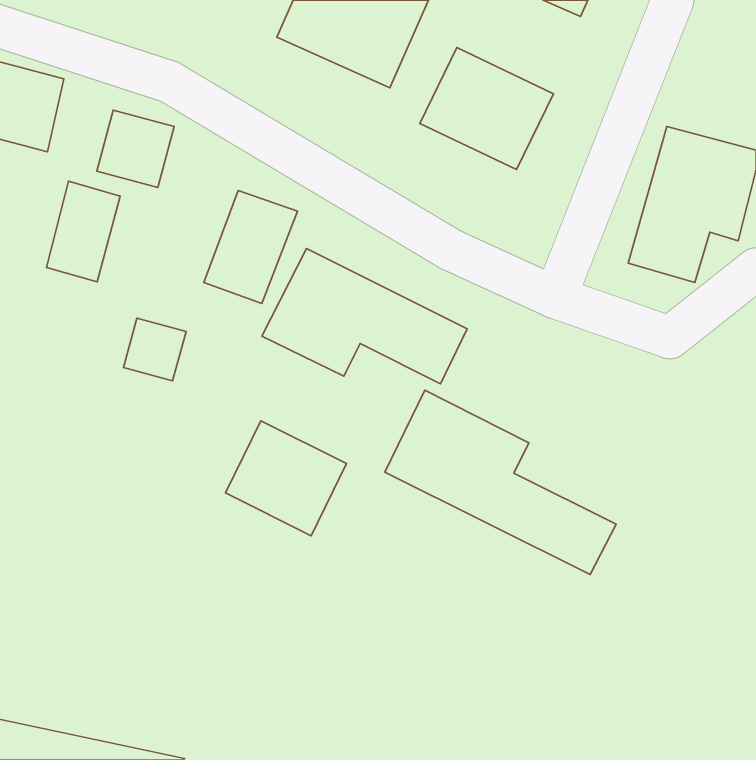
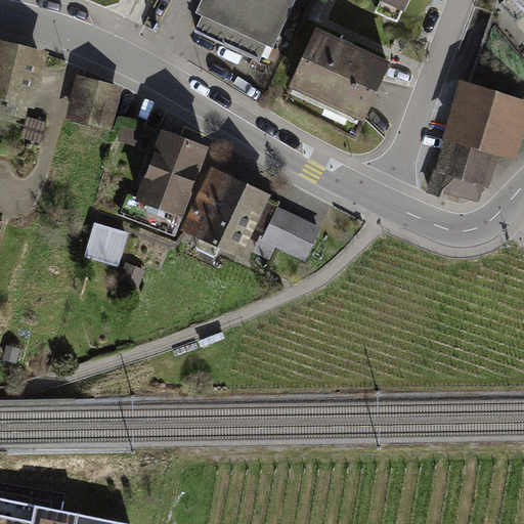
building: [47,181,120,282] -> none
building: [385,390,616,575] -> none
building: [226,421,346,536] -> none

